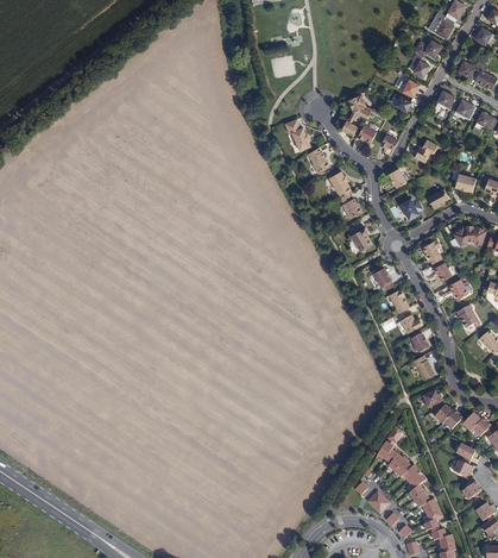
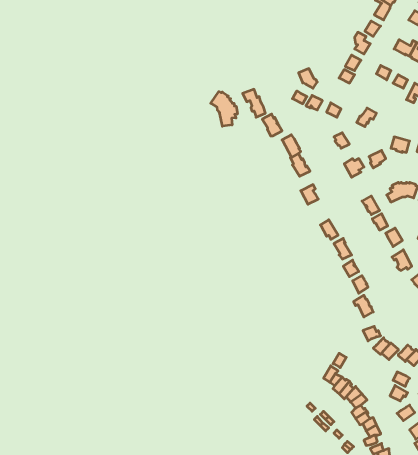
building: none -> [211,92,237,126]

